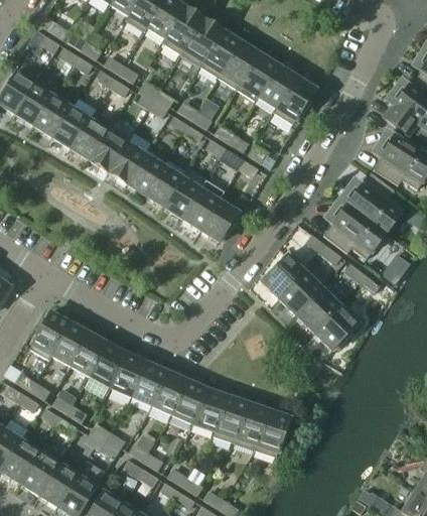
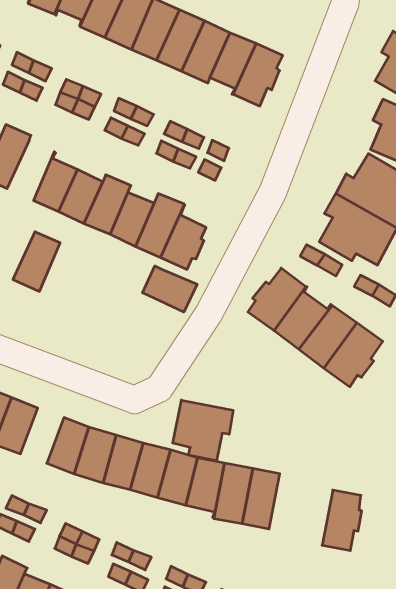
building: [89,126,129,172] -> [13,232,60,291]
building: none -> [143,266,197,312]
building: [70,333,108,376] -> none
building: none -> [173,400,233,461]
building: [254,409,289,458] -> [322,490,362,551]

